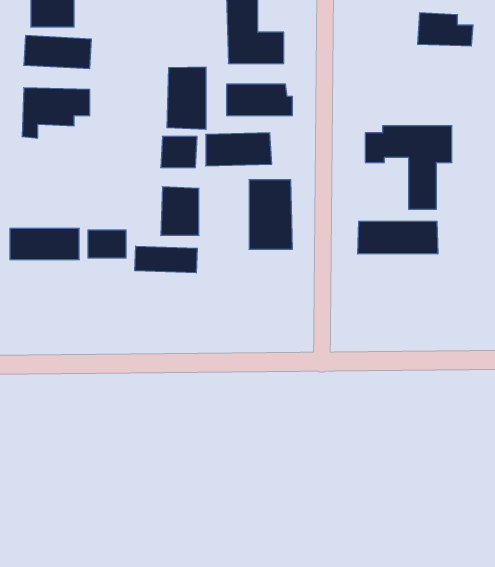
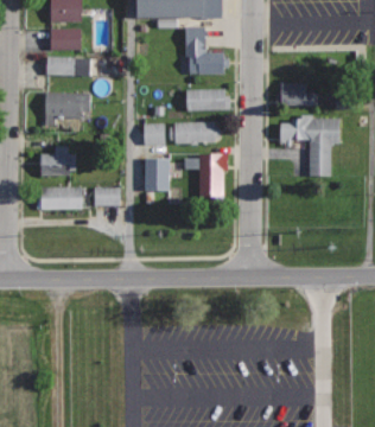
building: [418,13,473,46] -> [281,83,319,106]
building: [167,67,206,130] -> none
building: none -> [43,146,77,176]
building: [358,221,438,254] -> none
building: [135,246,197,273] -> none

